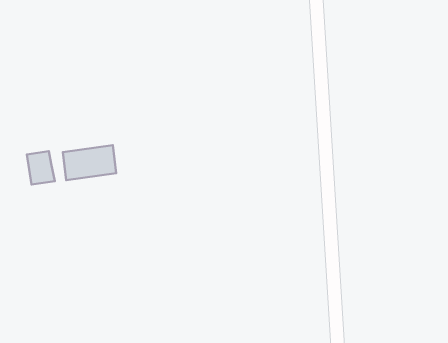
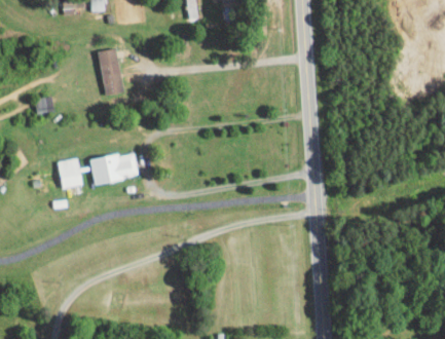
building: none -> [98,48,123,96]

